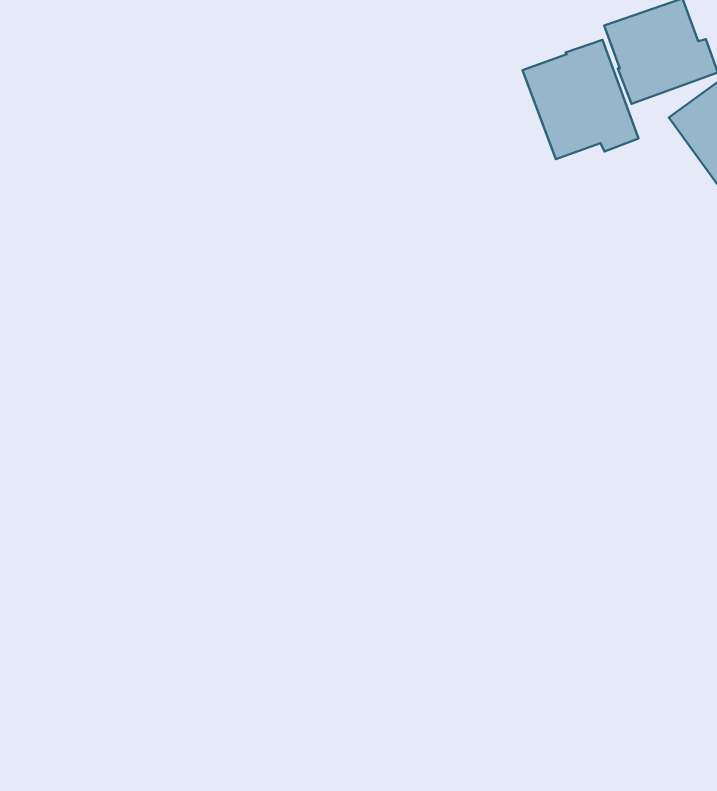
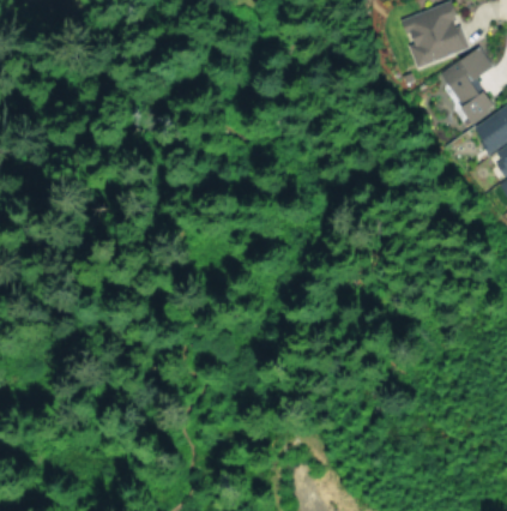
building: [522,40,639,159] -> none

